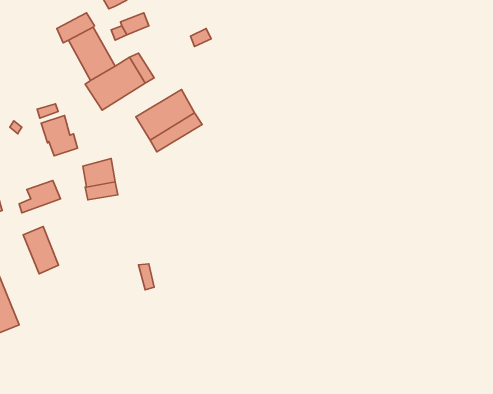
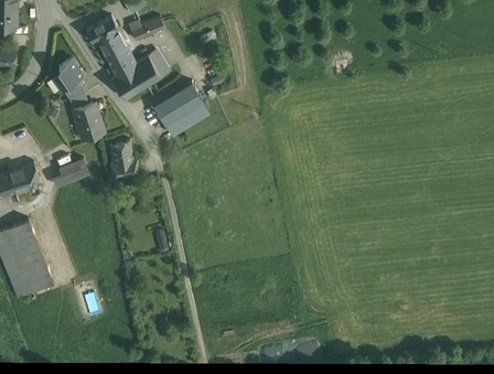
building: none -> [53,58,83,89]
building: [23,227,59,274] -> none

